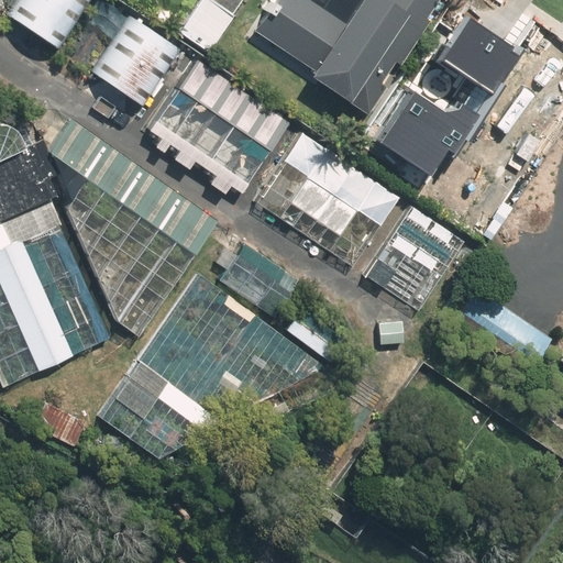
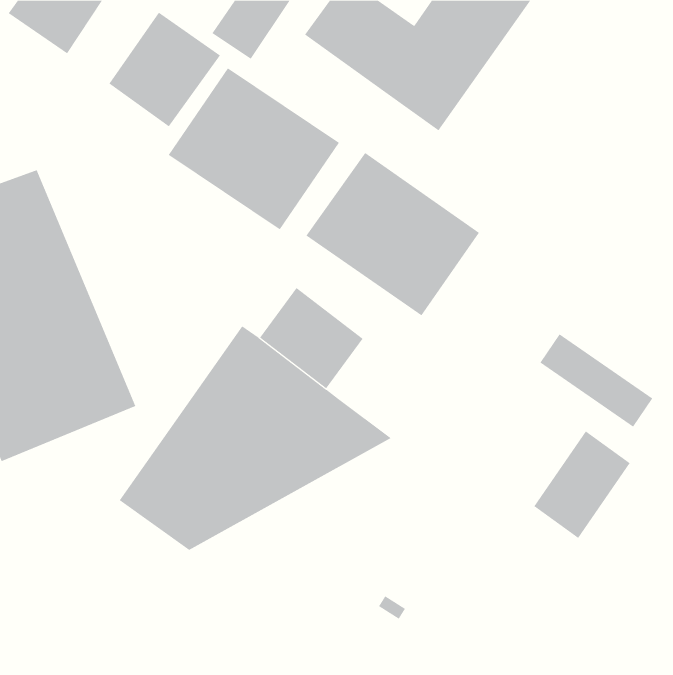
building: [437,16,517,97] -> none
building: [377,92,477,177] -> none
building: [48,117,218,335] -> none
building: [358,205,464,314] -> none
building: none -> [534,431,631,539]

